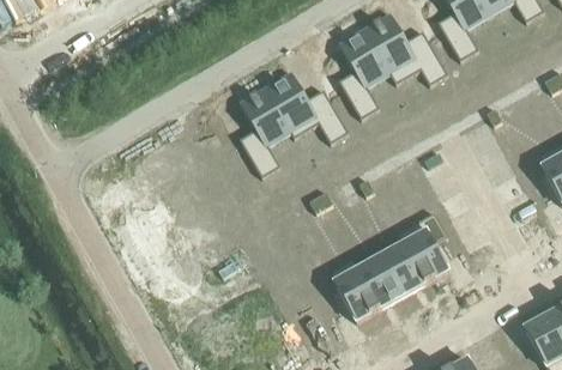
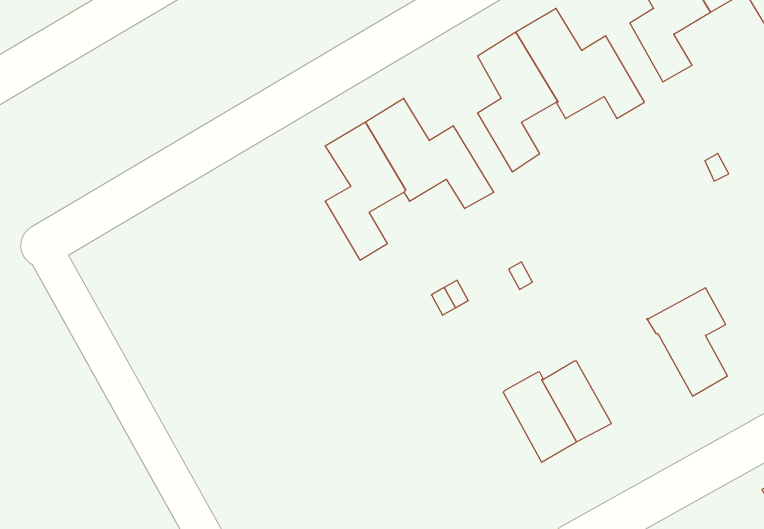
building: [397,213,449,284] -> [647,288,728,396]
building: [330,257,381,322] -> none

